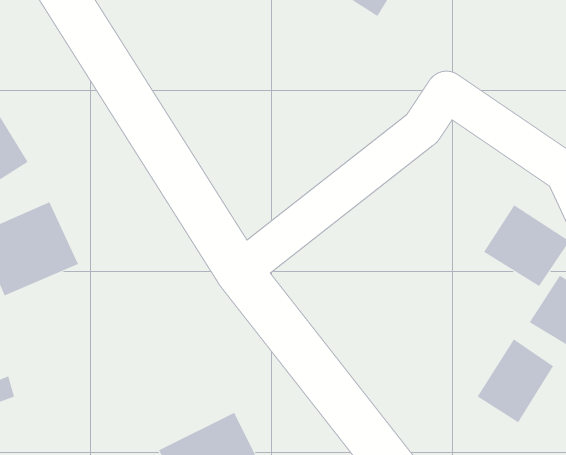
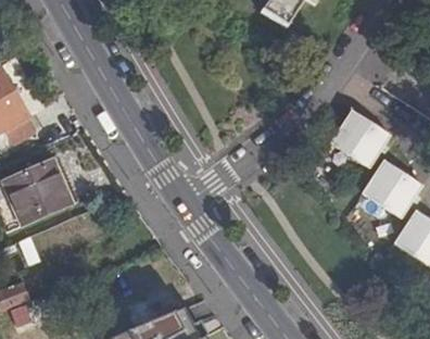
building: none -> [330,110,391,167]
building: [477,338,554,423] -> none

